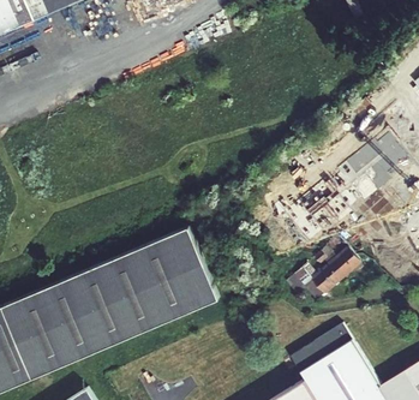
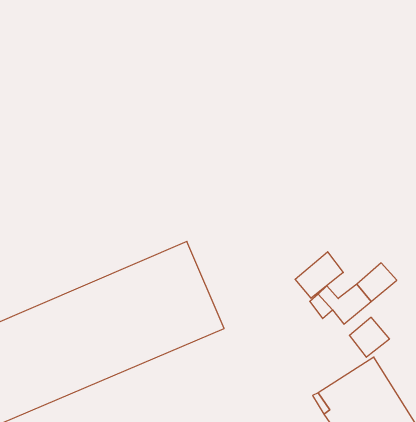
building: none -> [295,252,343,298]
building: none -> [349,317,389,357]

